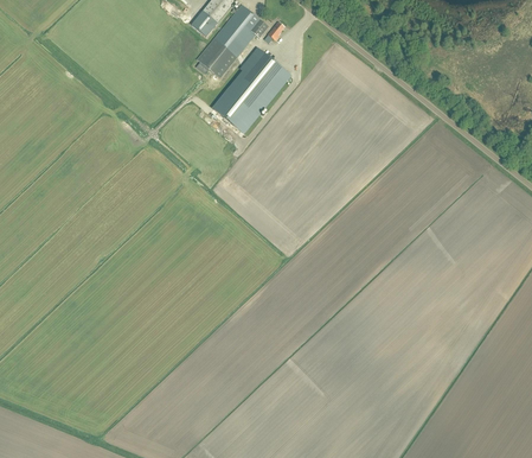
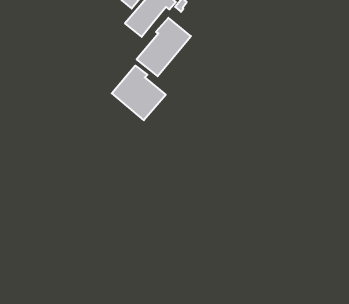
building: none -> [112,66,166,120]

